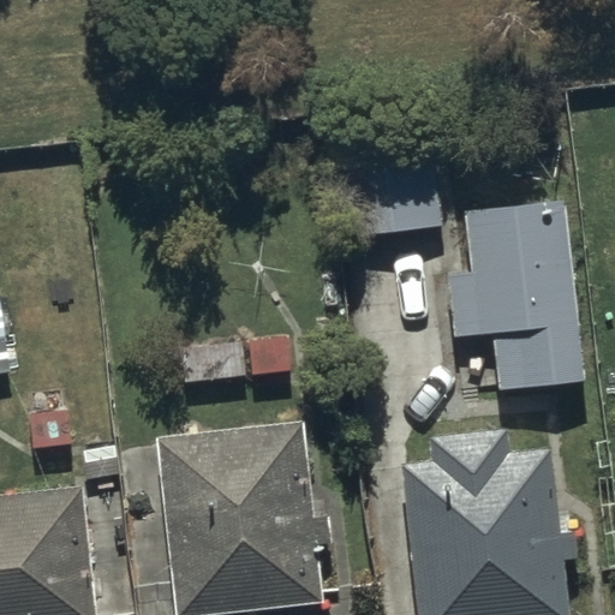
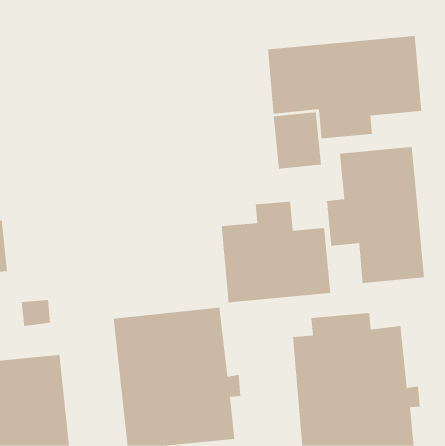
building: none -> [267,35,422,139]
building: none -> [221,201,331,303]

